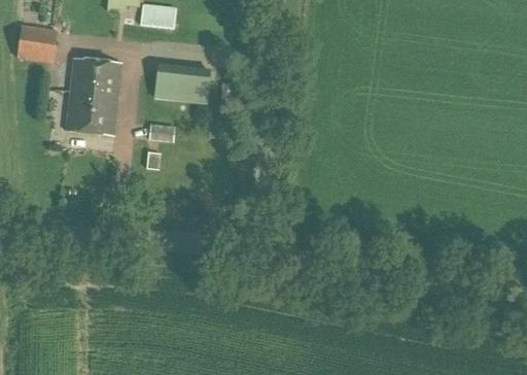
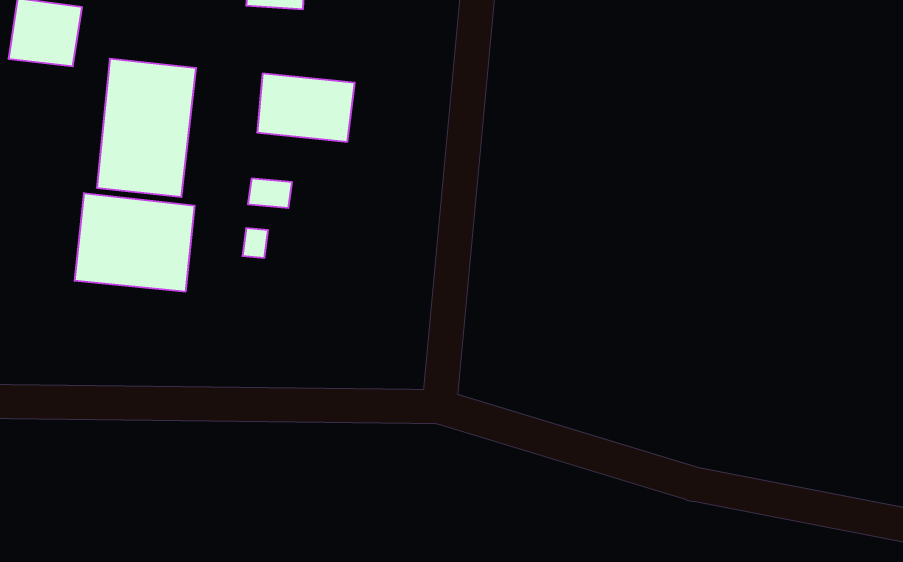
building: none -> [75,193,194,292]

